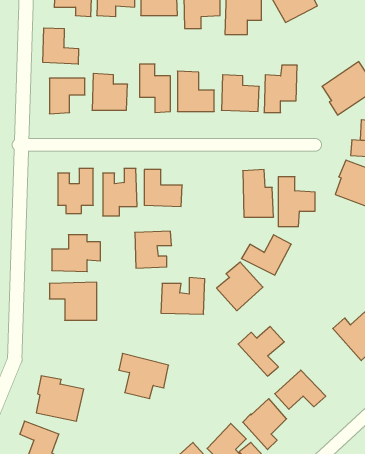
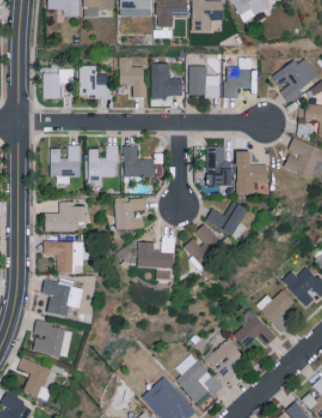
building: [43,28,79,64] -> none
building: [238,326,284,376] -> [256,290,295,332]
building: [119,353,169,399] -> [41,279,83,317]

